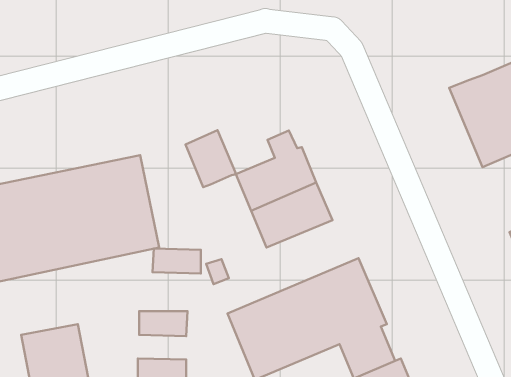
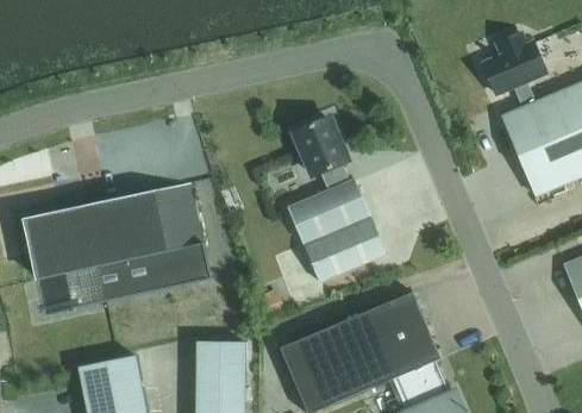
building: none -> [487,35,550,109]
building: [186,130,236,187] -> [298,115,349,173]
building: [153,249,201,273] -> [192,367,240,392]

